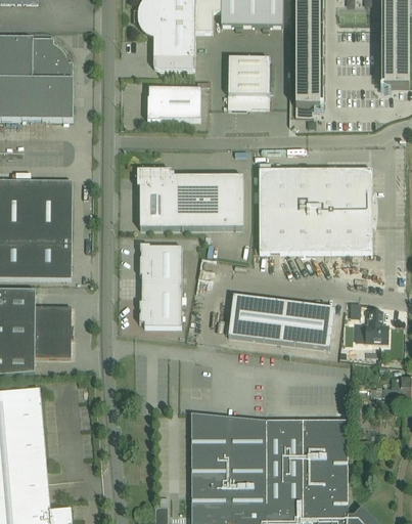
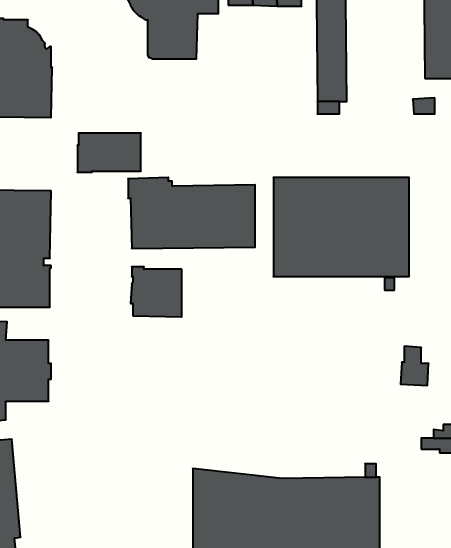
building: [227,56,270,110] -> none
building: [147,87,200,120] -> [77,133,141,172]
building: [139,285,182,326] -> none
building: [228,294,334,348] -> none

